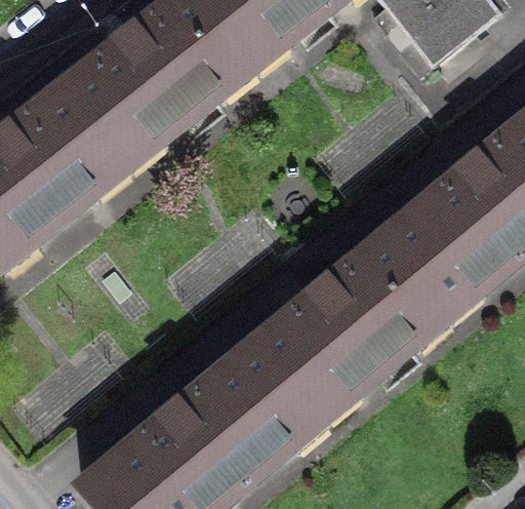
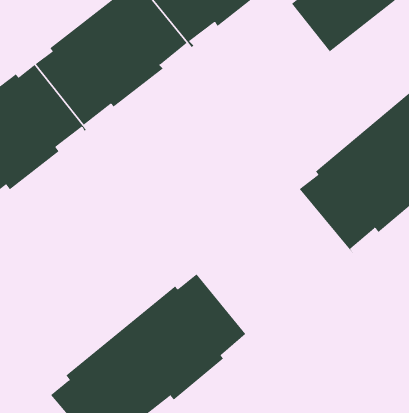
building: [259,231,443,409] -> none

